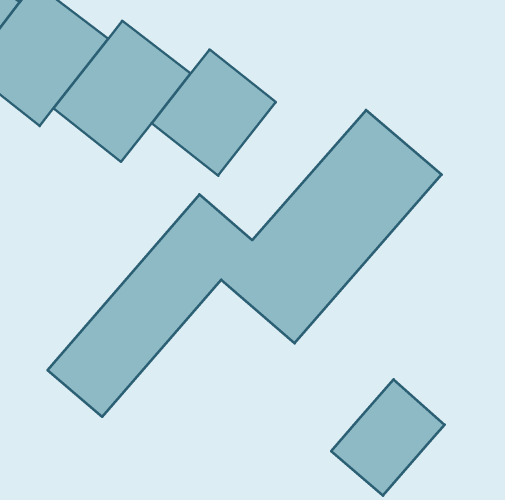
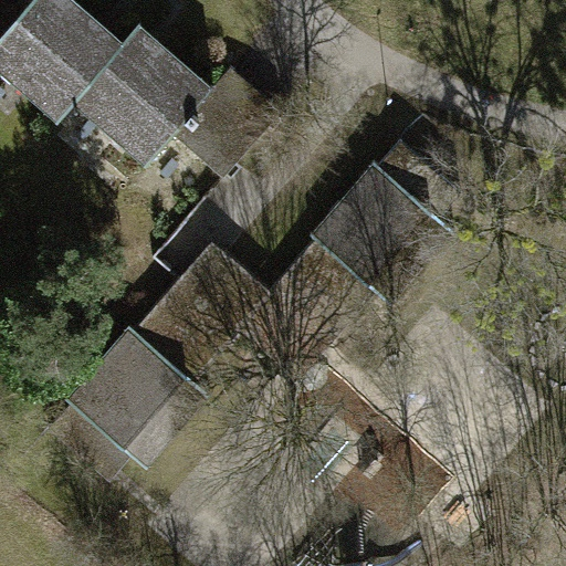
building: [331,379,445,496] -> none

